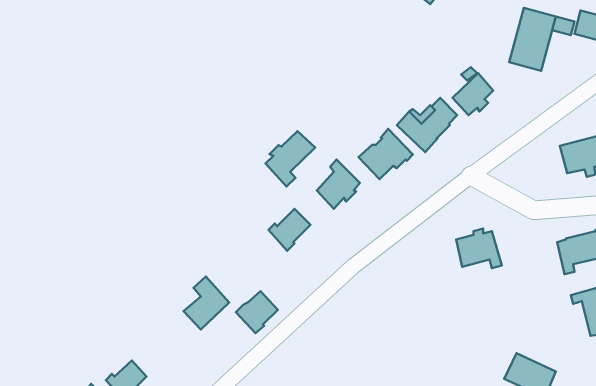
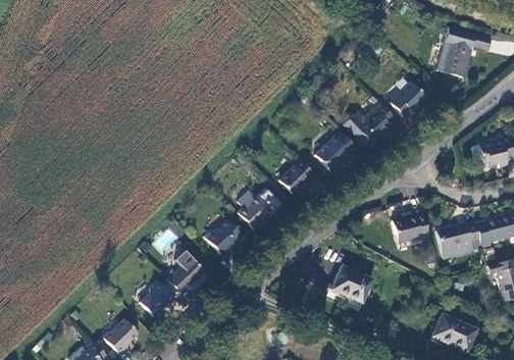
building: [265,131,315,187] -> none
building: none -> [438,221,482,260]
building: [236,291,278,333] -> [208,220,243,255]
building: none -> [332,264,372,302]
building: none -> [140,279,175,316]

